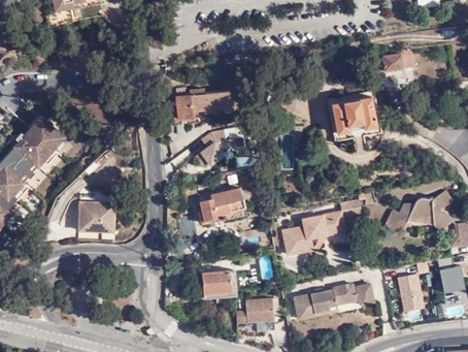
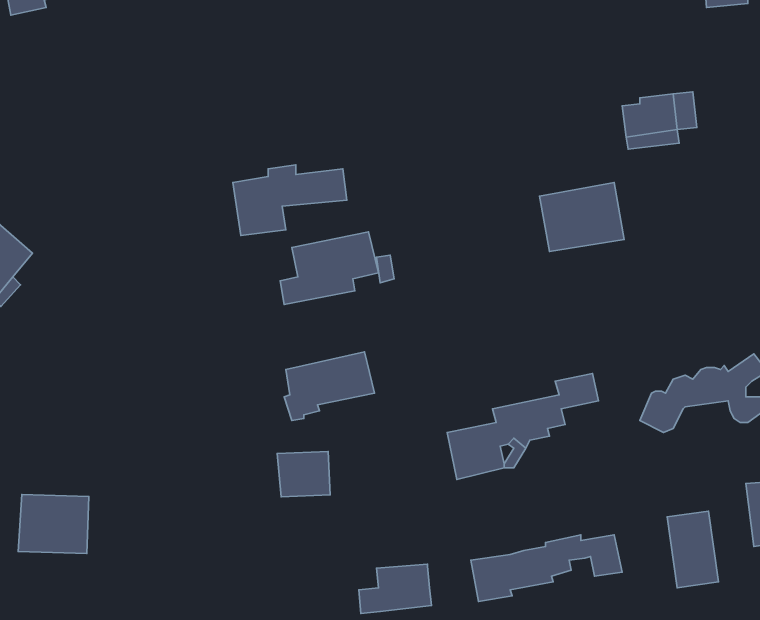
building: [77,201,114,232] -> [18,494,89,553]
building: [202,271,230,295] -> [277,451,330,497]

